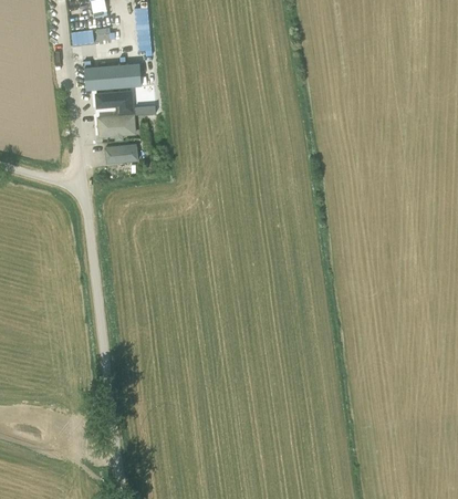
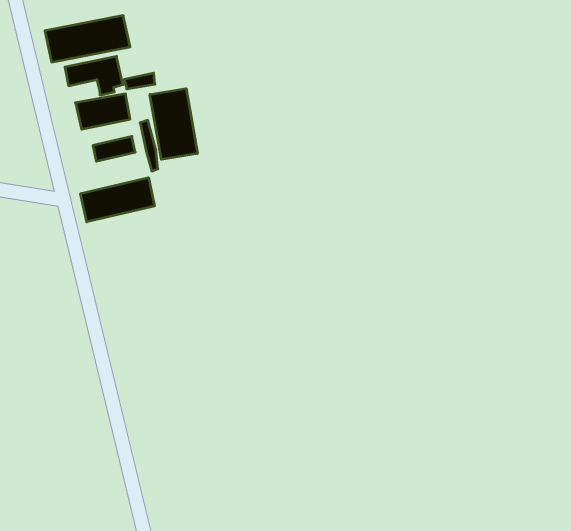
building: none -> [150,89,197,159]
building: none -> [81,178,154,222]

